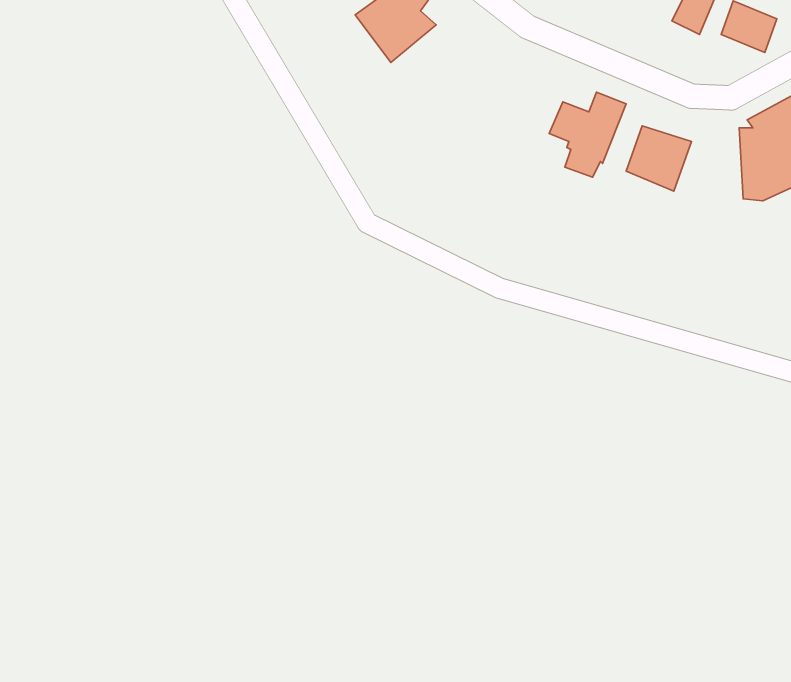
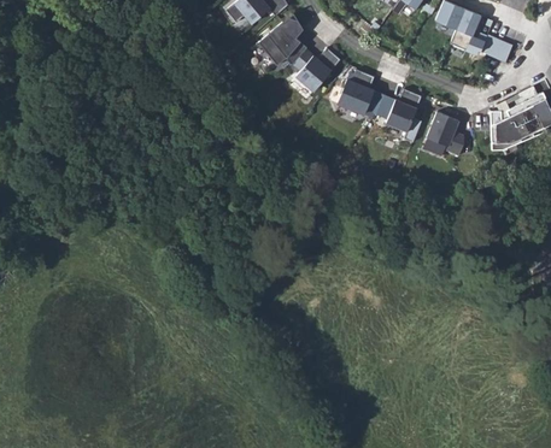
building: none -> [292,47,342,99]
building: none -> [338,69,383,113]

